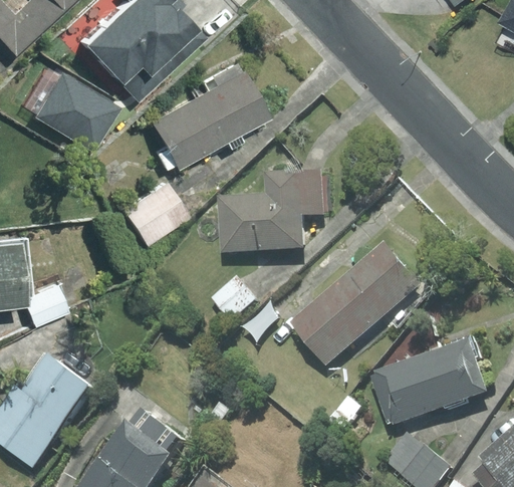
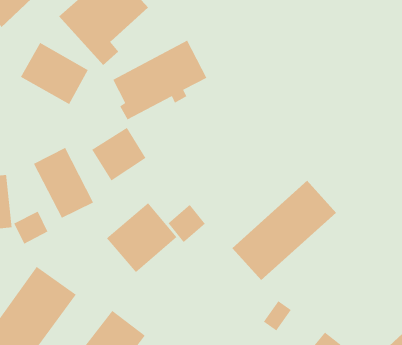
building: [222,170,326,250] -> none
building: none -> [33,147,94,219]
building: none -> [106,202,177,273]
building: [370,335,492,427] -> none

